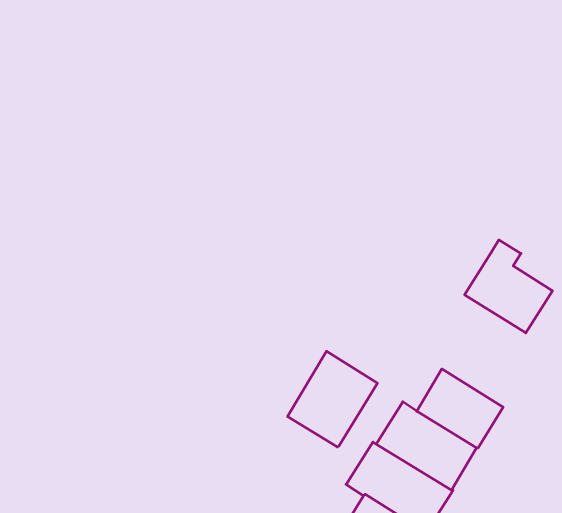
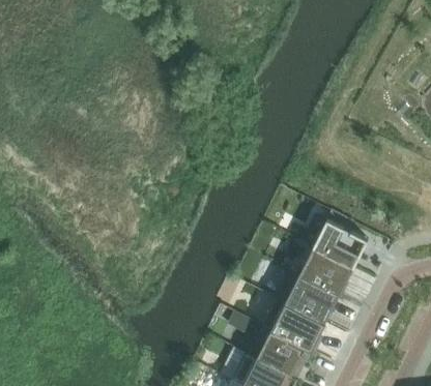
building: [465,240,552,333] -> [308,221,363,278]
building: [288,351,377,447] -> none

